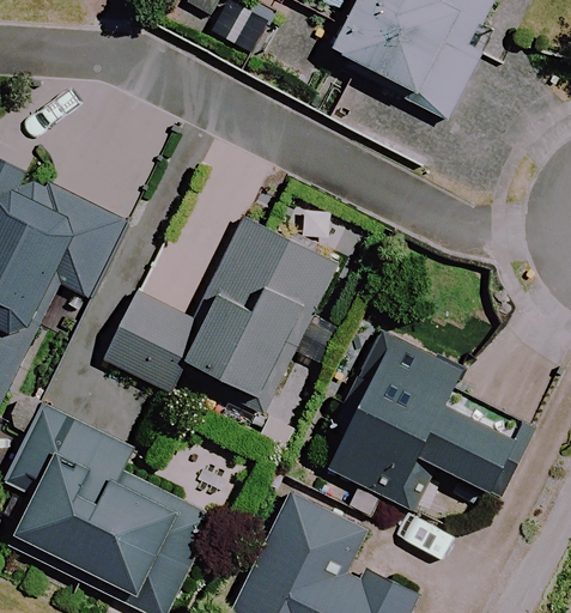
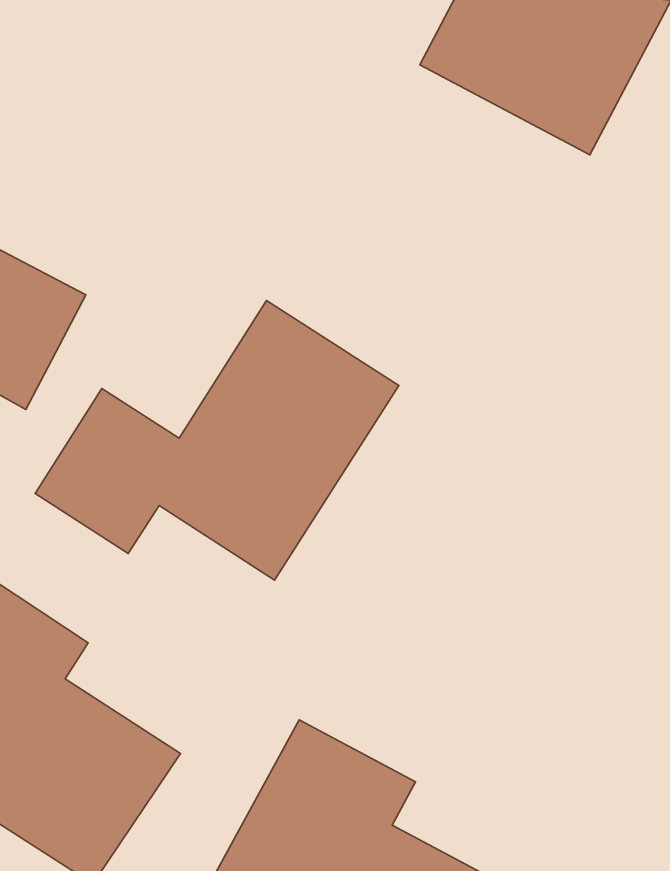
building: [326,333,522,510] -> none

